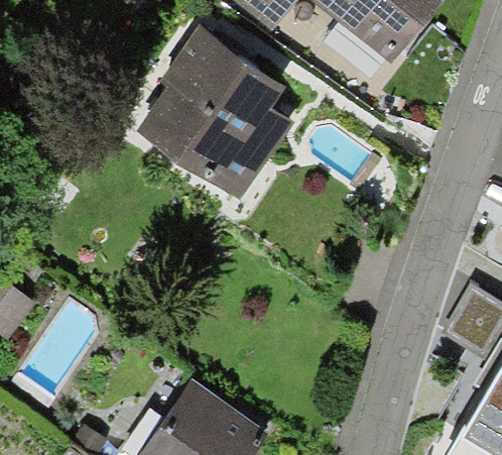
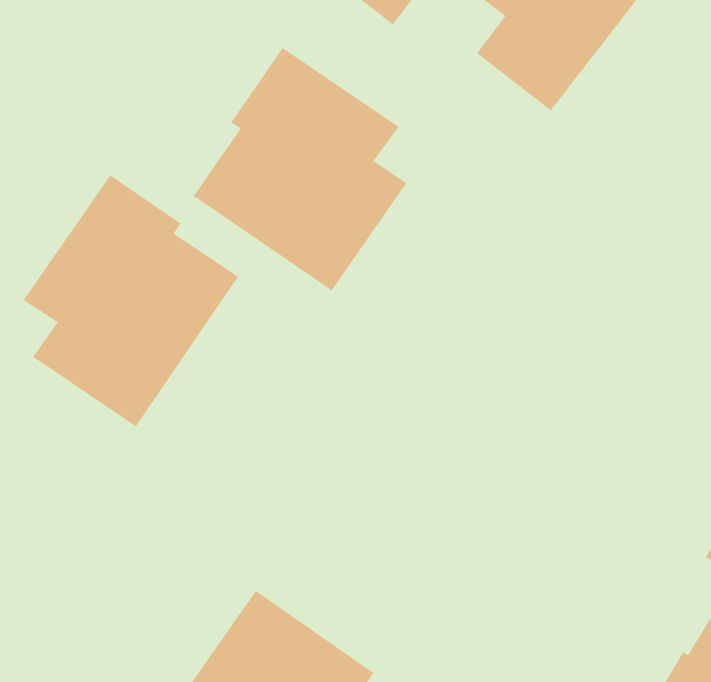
building: none -> [23,174,239,427]

